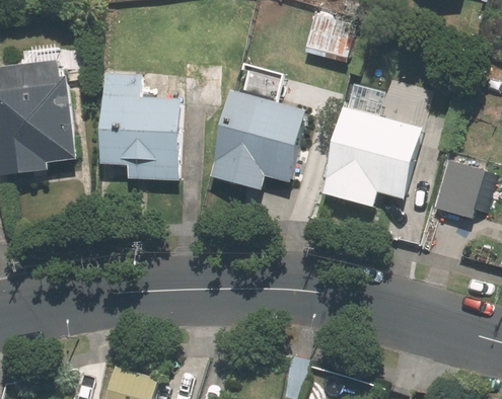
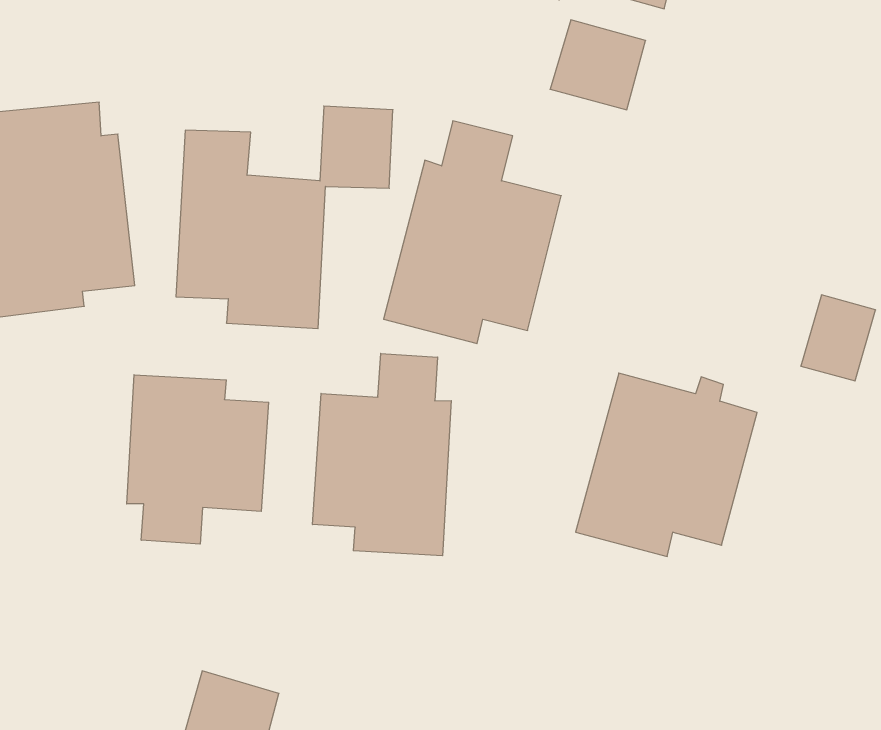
building: [321,105,420,205] -> [576,373,757,556]
building: none -> [313,353,451,556]
building: none -> [127,375,269,544]

